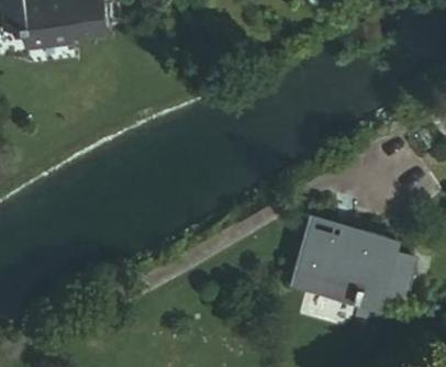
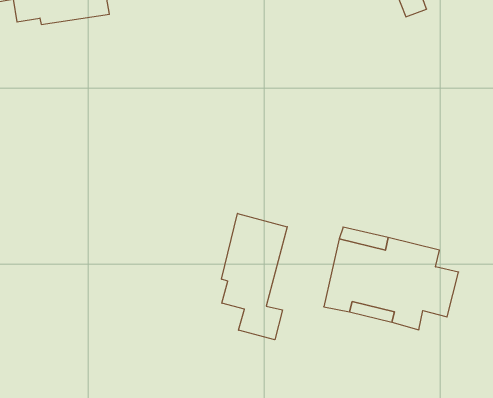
building: none -> [222,213,287,340]

